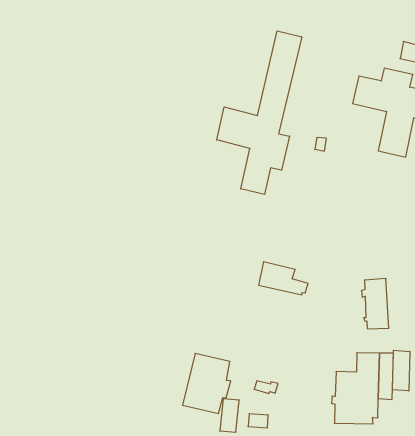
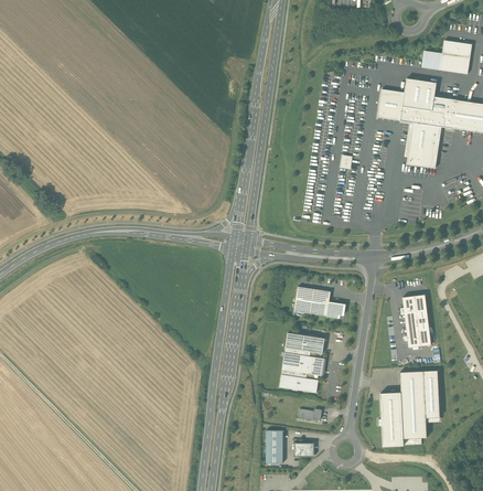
building: [217,31,302,194] -> none
building: [392,350,410,391] -> none
building: [183,353,231,413] -> [279,332,326,392]

